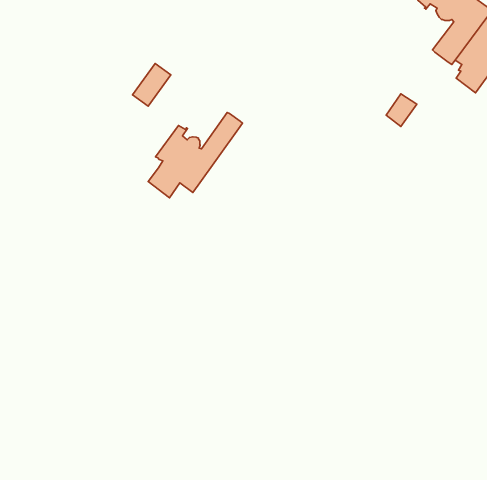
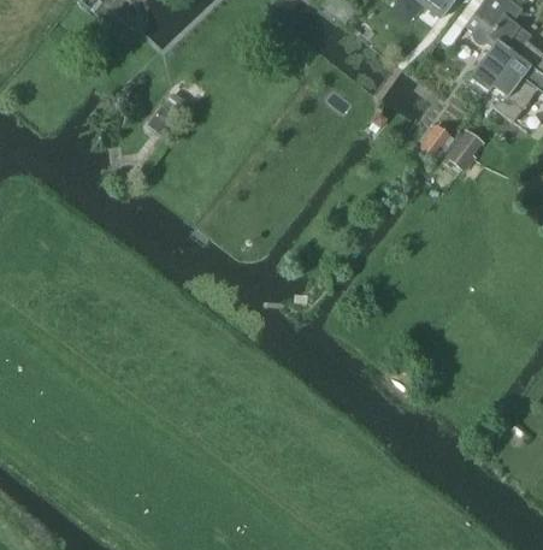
building: none -> [443,126,486,171]
building: [148,113,243,198] -> none

